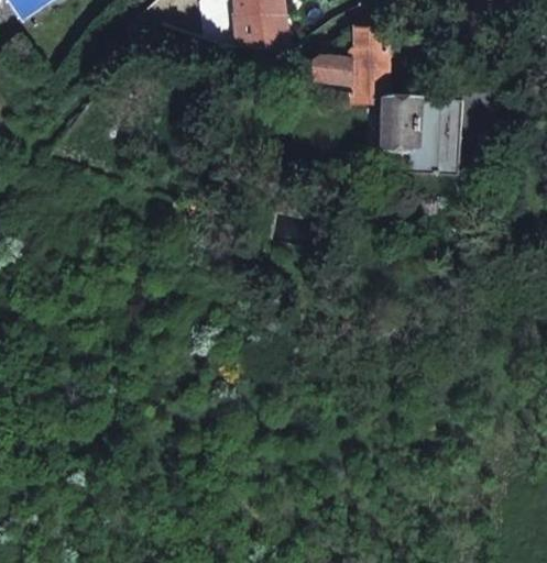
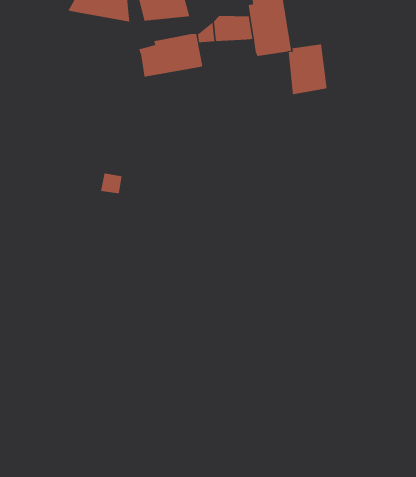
building: none -> [139,33,203,77]
building: [382,95,462,172] -> none

